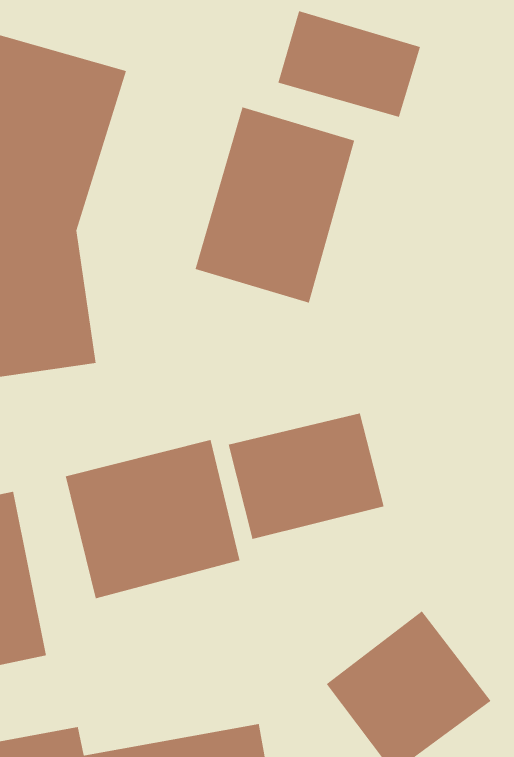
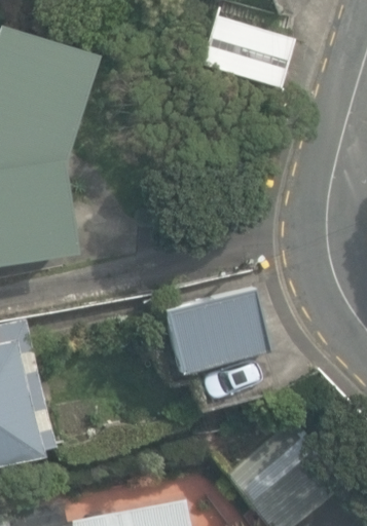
building: [195,106,355,303] -> none
building: [65,439,240,599] -> none

